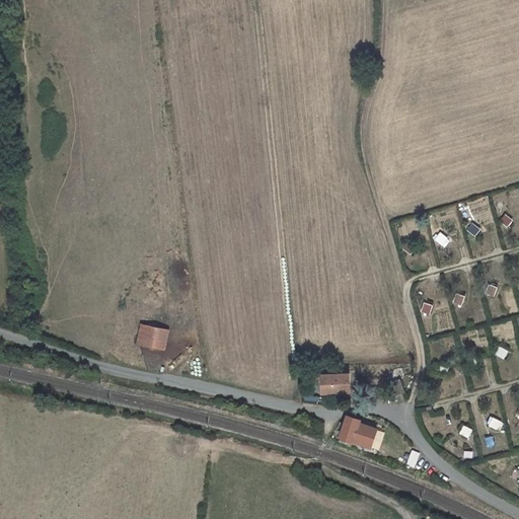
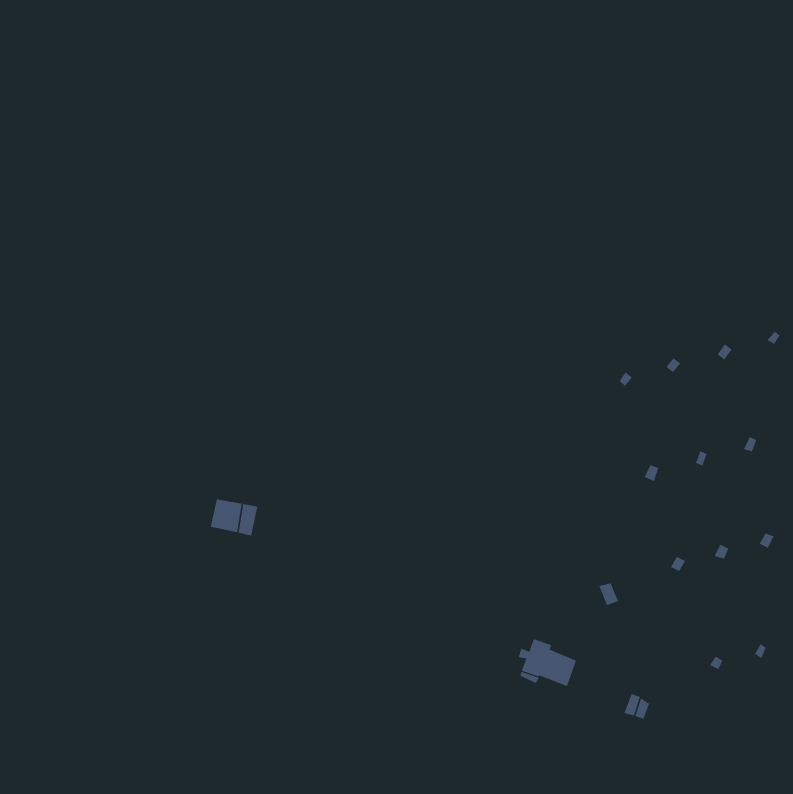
building: [316,373,350,392] -> none

